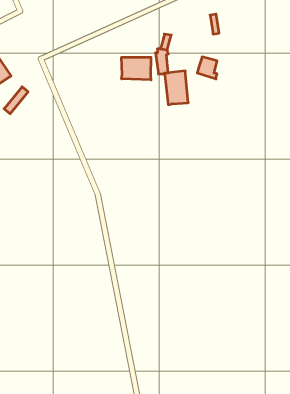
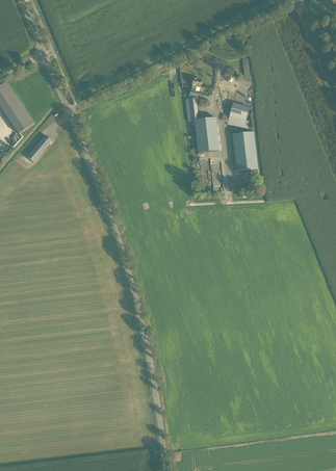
building: [122,57,151,80] -> none
building: none -> [231,132,257,171]

